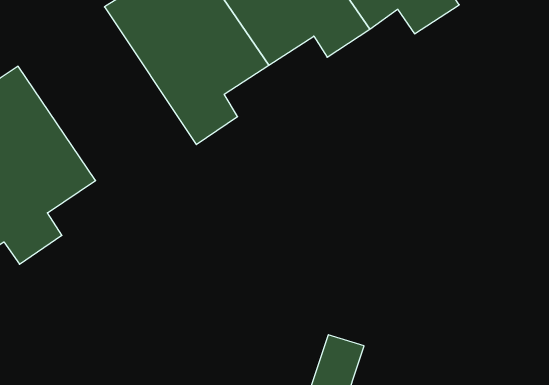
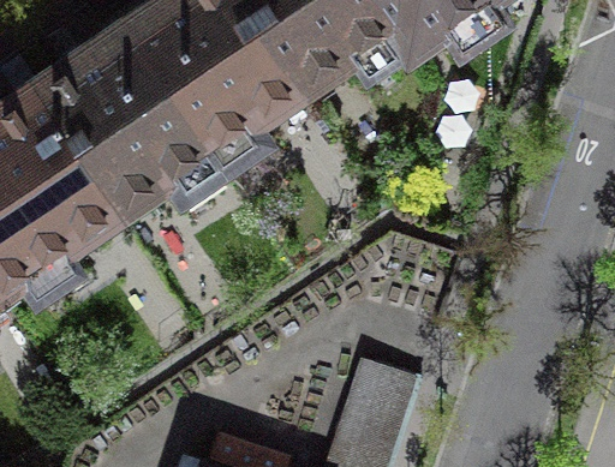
building: none -> [38,17,229,203]

